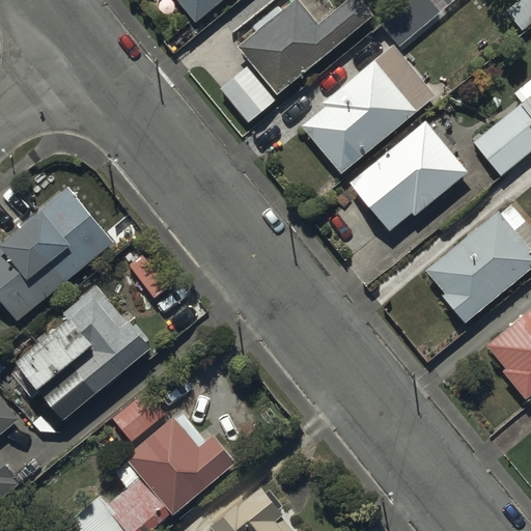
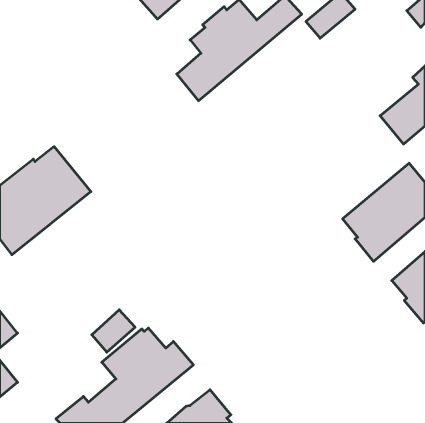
building: [302,47,436,176] -> none
building: [350,122,469,234] -> none
building: [18,286,155,413] -> none

